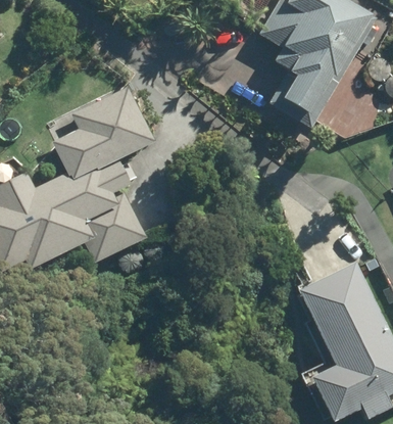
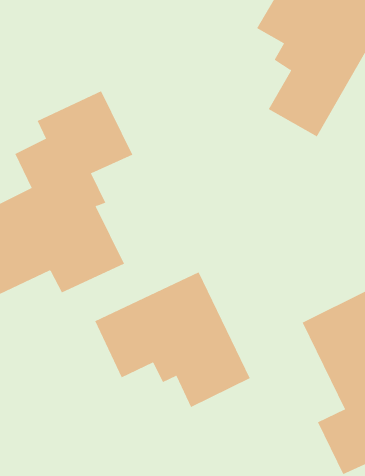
building: none -> [94,272,250,408]

